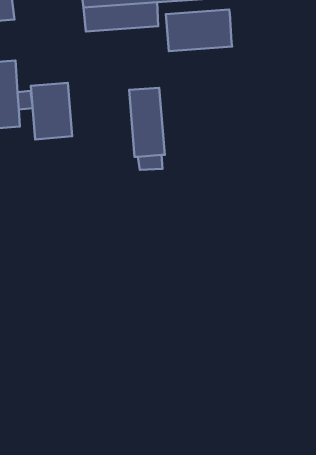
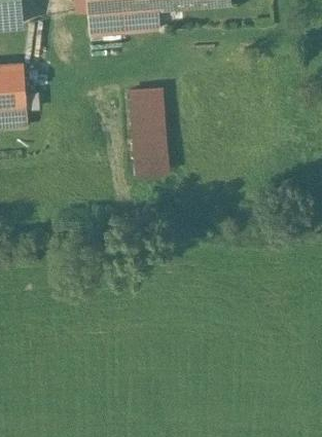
building: [166,10,232,51] -> none
building: [31,83,72,139] -> none

